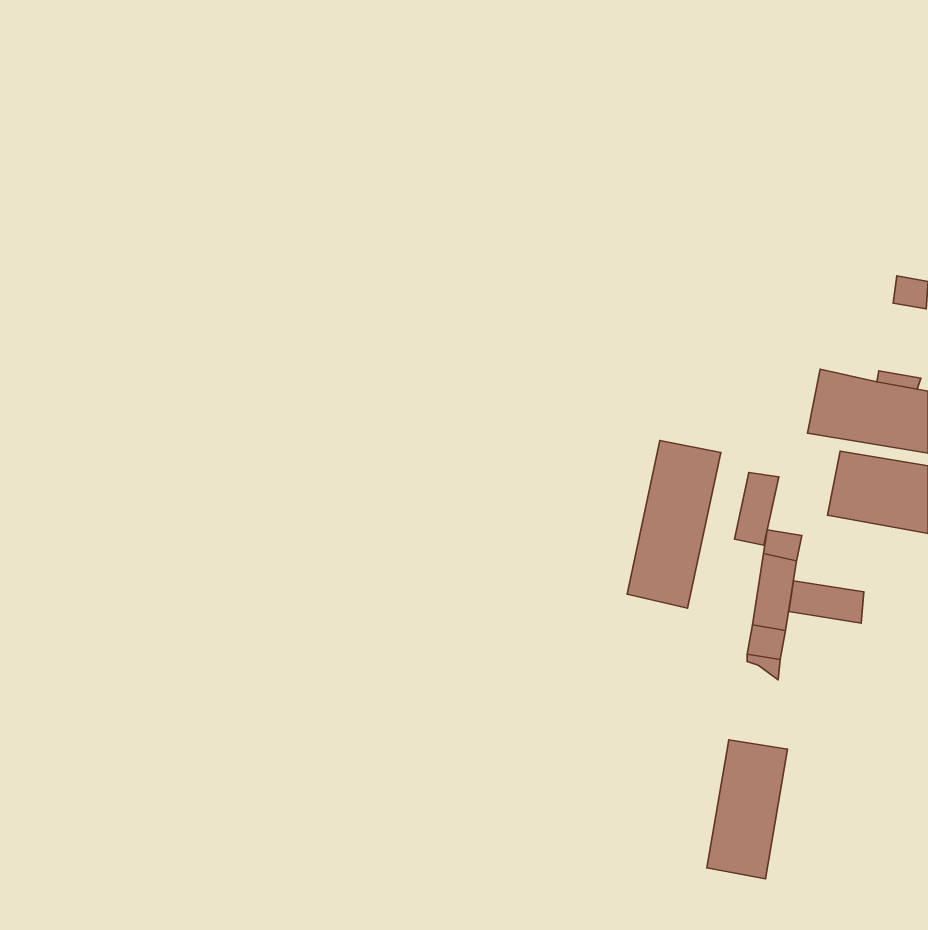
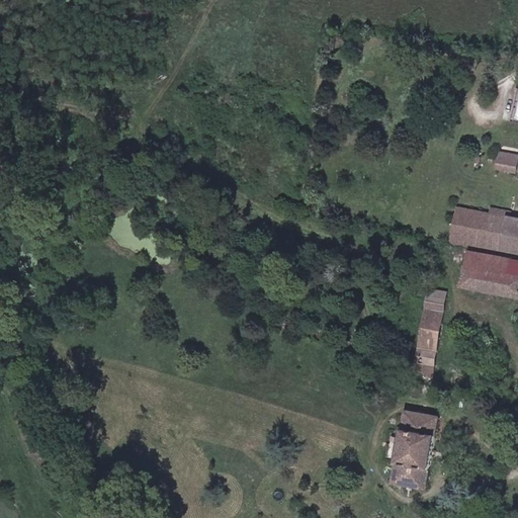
building: [627,441,721,608] -> none
building: [735,472,779,545] -> none
building: [789,581,864,623] -> none

